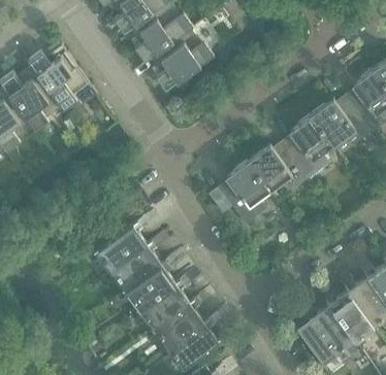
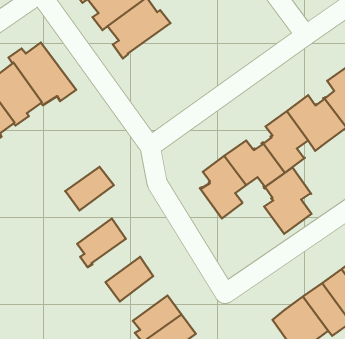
building: [150,28,214,90] -> none
building: none -> [264,167,312,234]
building: [112,245,162,289] -> [65,167,114,211]
building: [141,283,190,329] -> none

